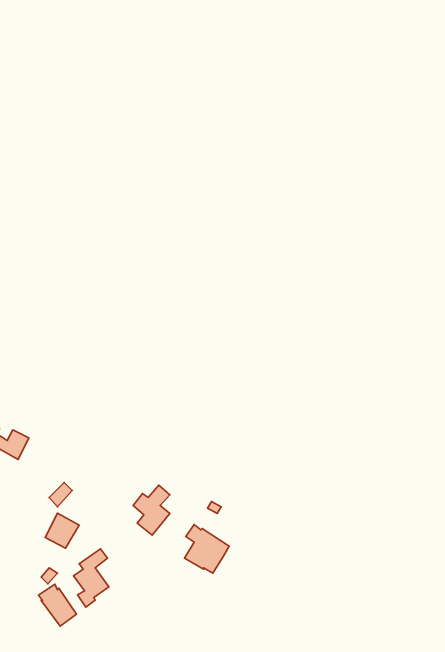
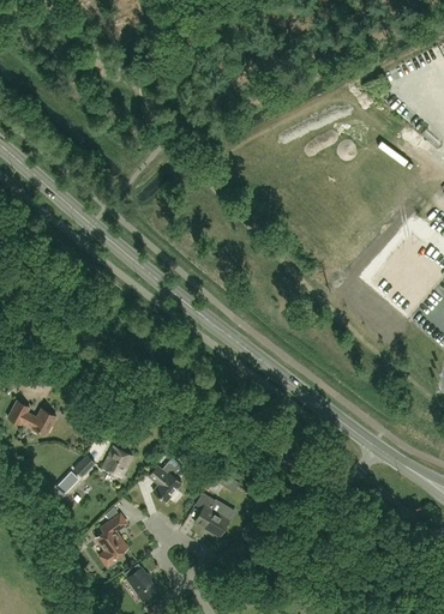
building: [45,513,79,548] -> [103,446,133,477]
building: [39,584,76,626] -> [124,564,157,601]

